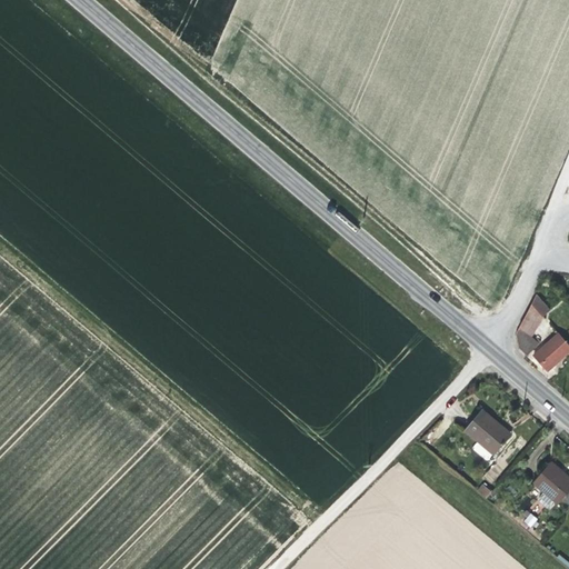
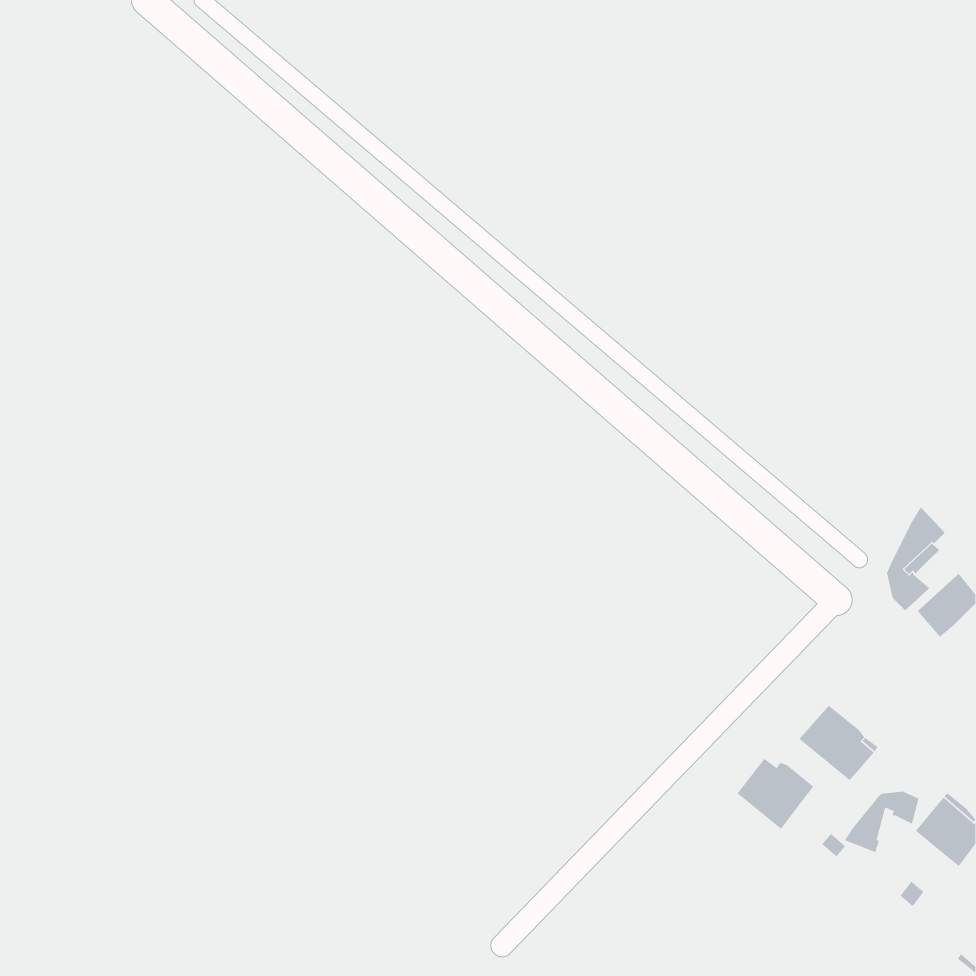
building: none -> [737,758,814,830]
building: none -> [844,791,920,853]

